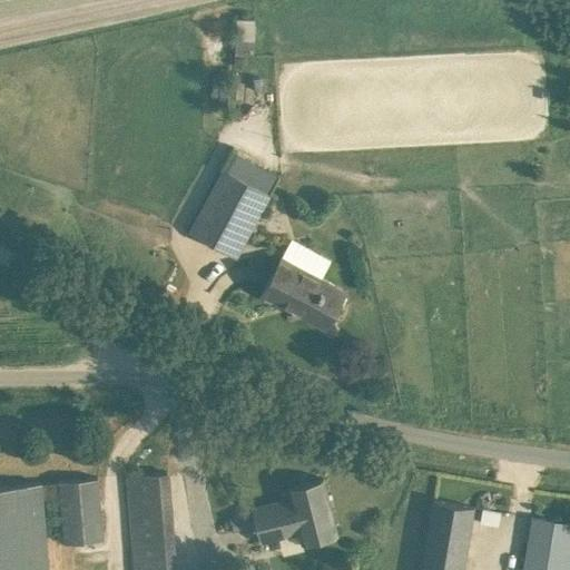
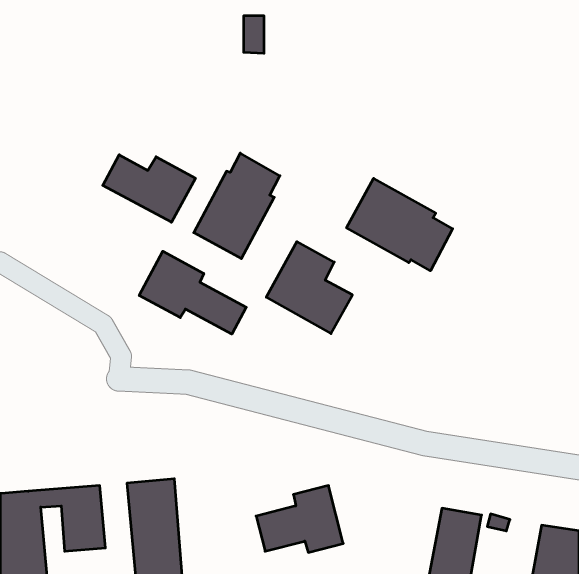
building: none -> [103,155,195,222]
building: none -> [347,178,453,271]
building: none -> [139,251,246,334]

